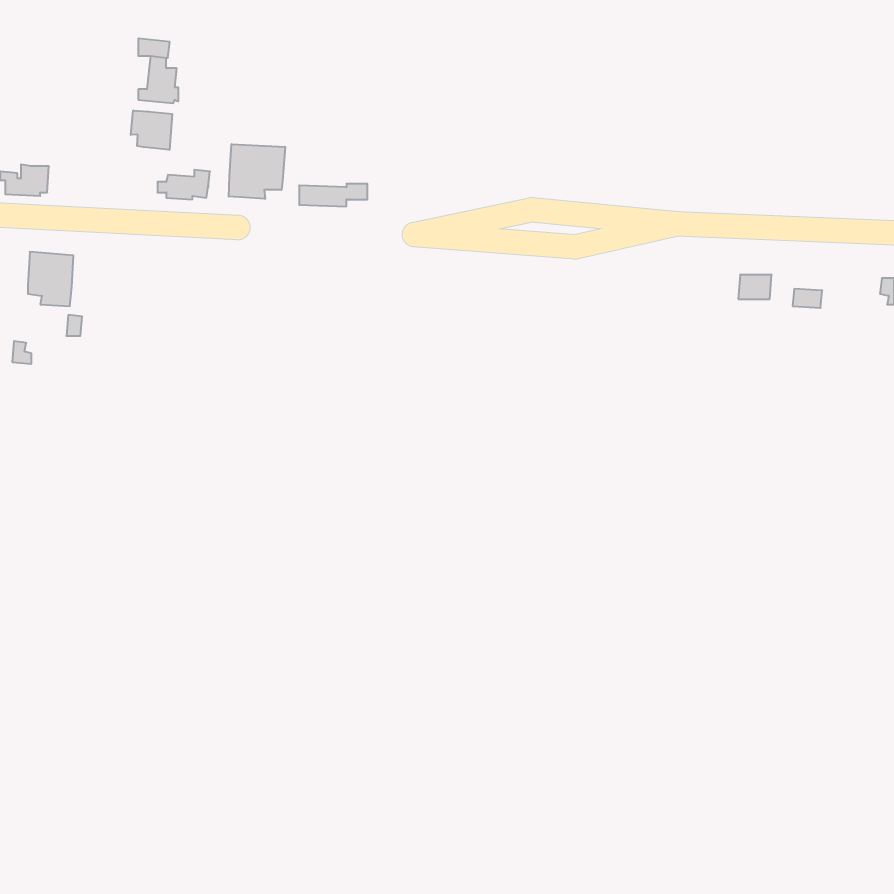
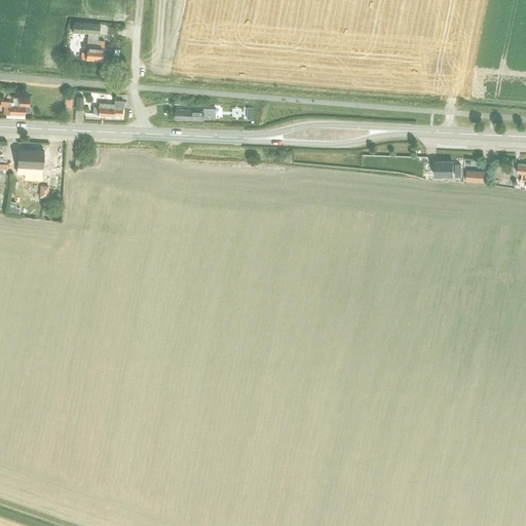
building: [131,110,172,150] -> none
building: [229,144,285,199] -> none

